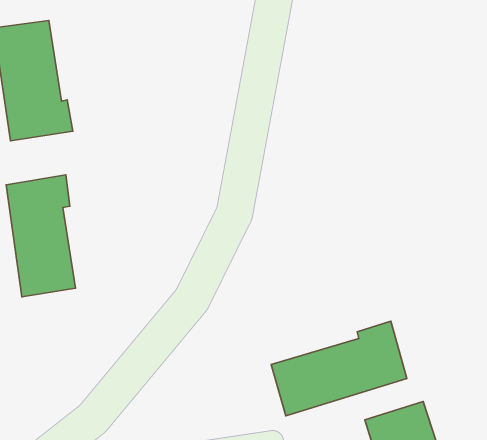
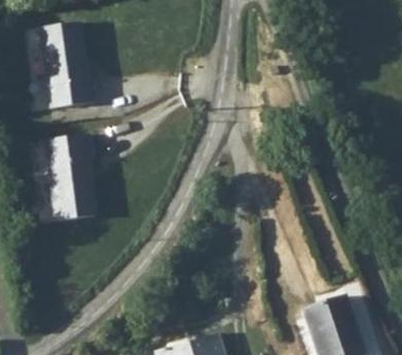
building: [271,321,407,416] -> none

